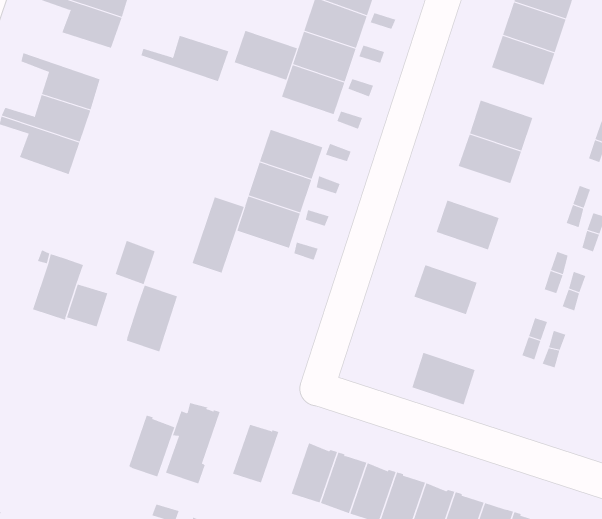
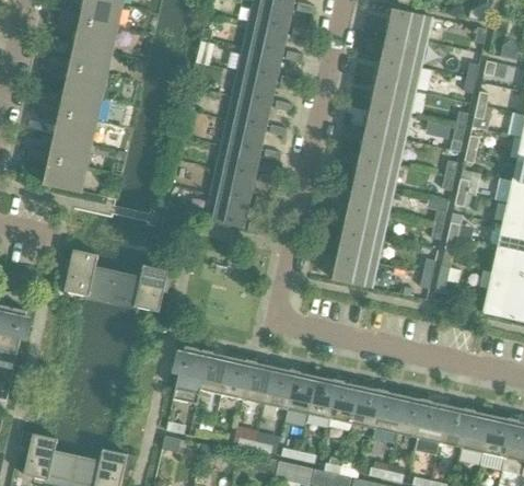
building: [234,30,298,80] -> [221,119,266,152]
building: [141,35,229,82] -> [37,90,101,120]
building: none -> [370,82,415,115]
building: none -> [353,155,398,189]
building: [192,197,244,273] -> none
building: none -> [342,205,387,238]
building: [115,240,155,285] -> [112,274,139,304]
building: [411,352,476,405] -> [331,253,376,288]
building: [128,415,175,477] -> [198,350,229,394]
building: none -> [242,360,272,404]

